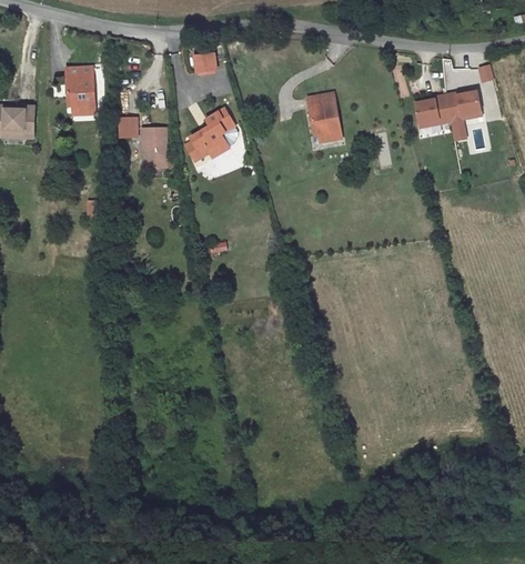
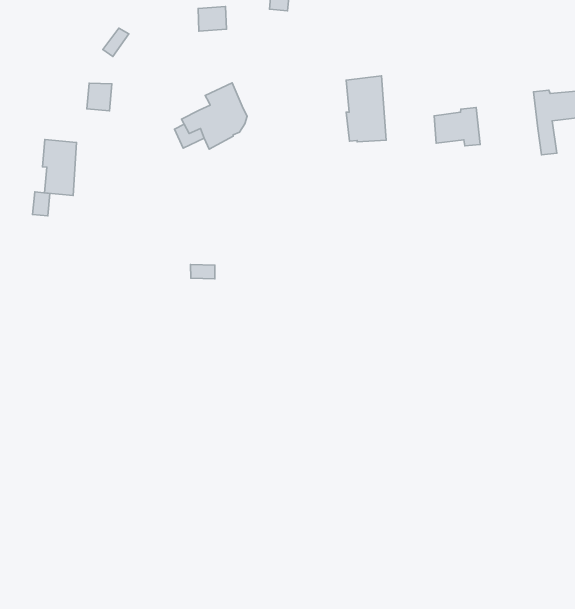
building: [65,67,94,107] -> none
building: [415,93,451,122] -> [434,108,480,146]
building: [142,128,166,167] -> [42,140,77,195]

